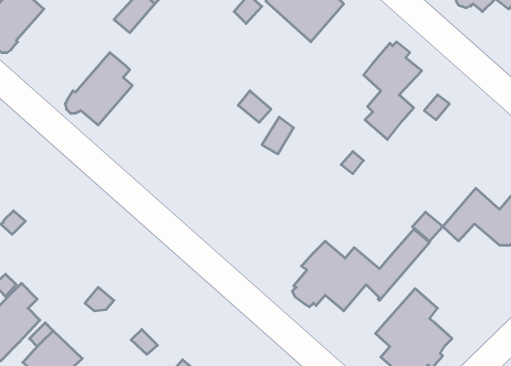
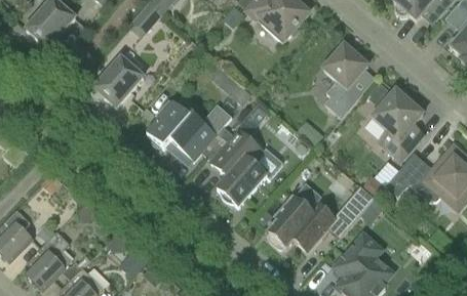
building: none -> [371,87,423,161]
building: none -> [146,98,231,160]
building: none -> [209,130,281,206]

